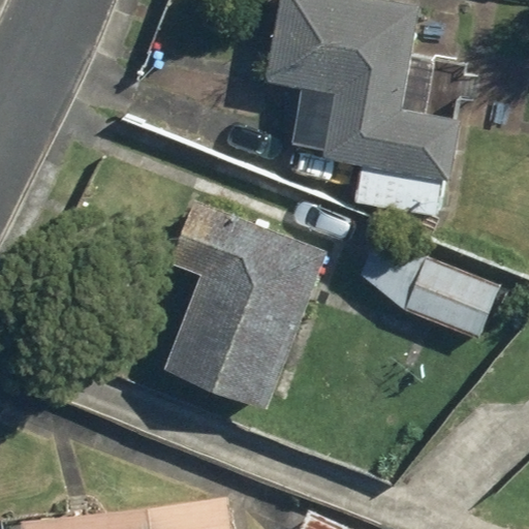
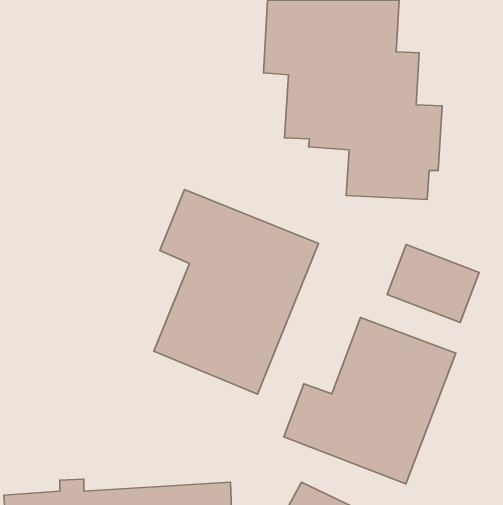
building: none -> [284,317,456,484]

